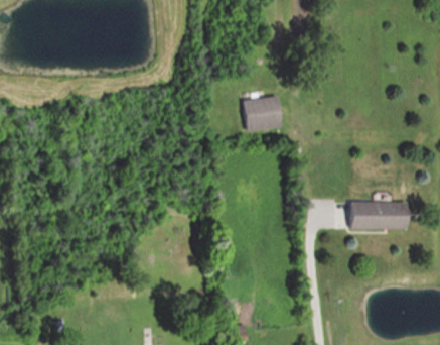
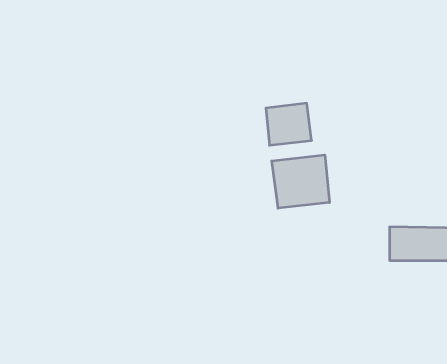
building: none -> [272,155,329,208]

